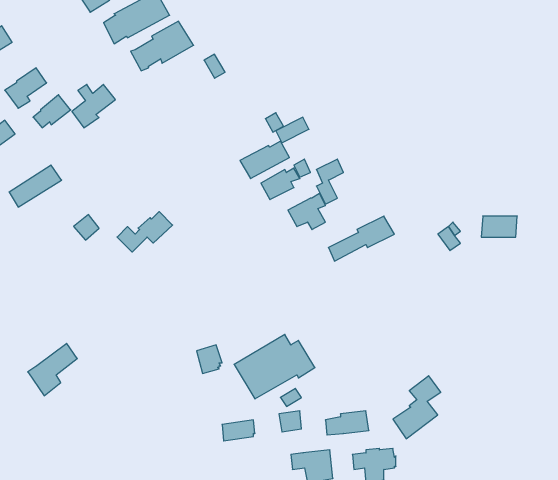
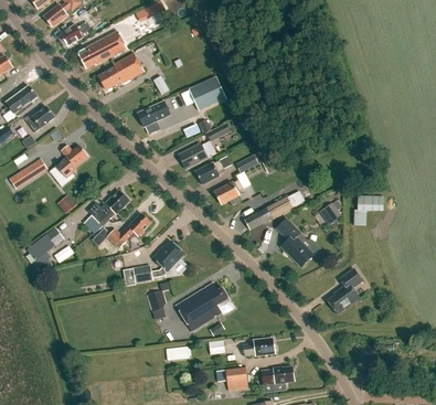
building: none -> [189,77,223,109]
building: [72,84,115,128] -> [56,146,88,178]
building: none -> [137,100,170,134]
building: none -> [106,214,151,249]
building: none -> [275,219,319,267]
building: none -> [132,242,184,284]
building: [28,343,77,396] -> [26,227,63,266]
building: [393,376,441,439] -> [326,268,361,315]

